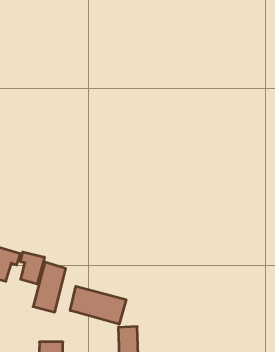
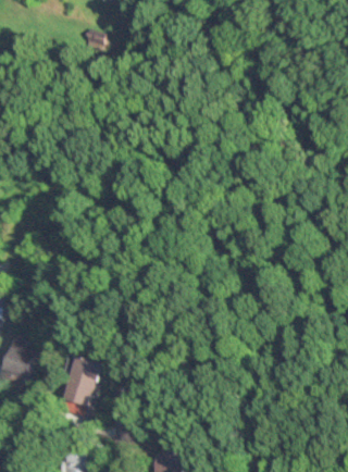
building: [21,252,44,284] -> none
building: [70,286,126,324] -> none

